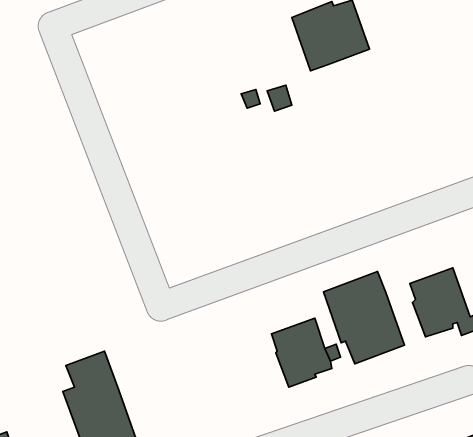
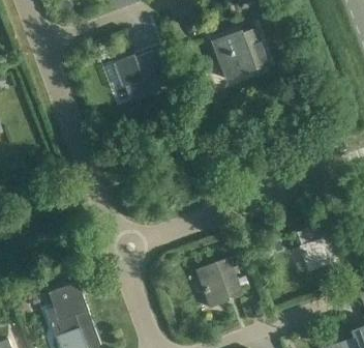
building: none -> [113,49,163,98]
building: [323,271,404,364] -> none

